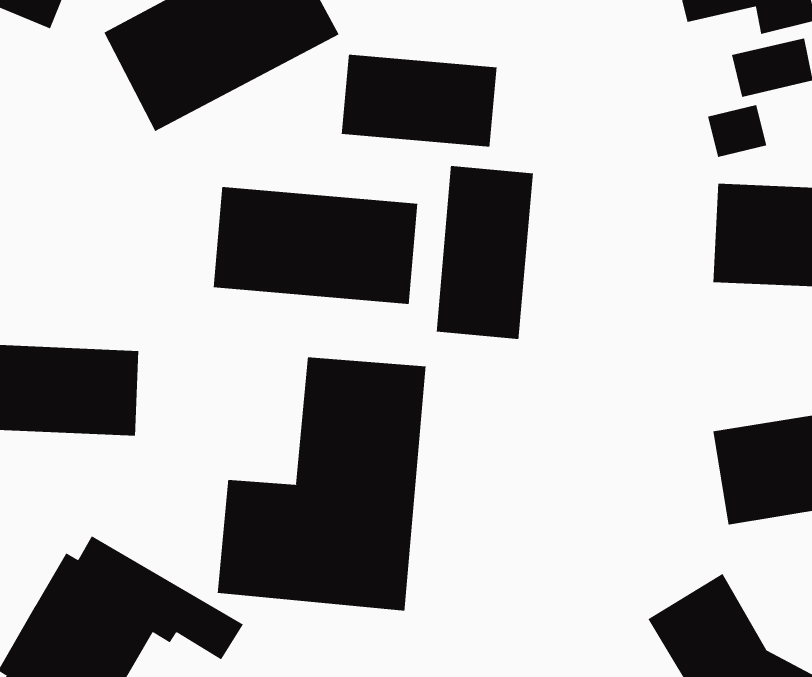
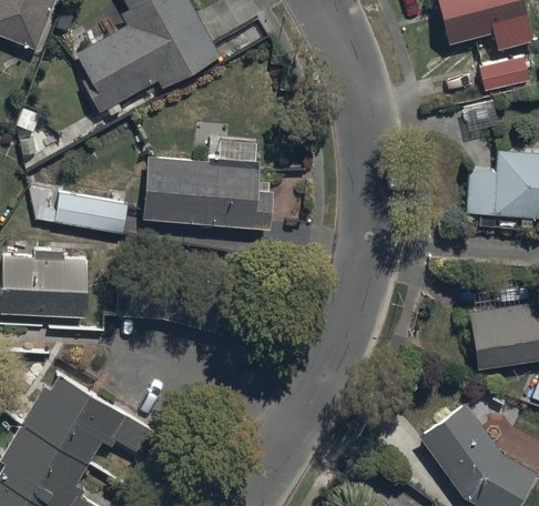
building: [341,54,497,147] -> none
building: [436,165,533,340] -> none
building: none -> [33,192,129,236]
building: [217,357,426,612] -> none

